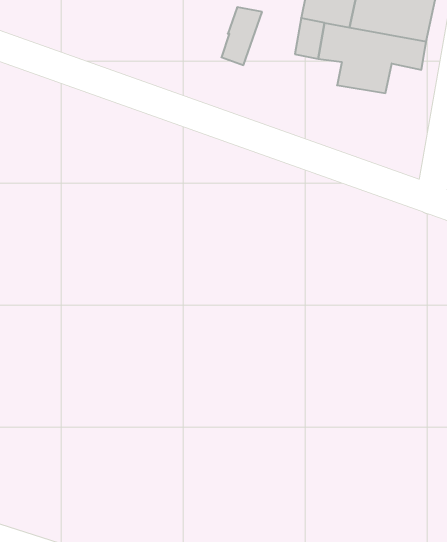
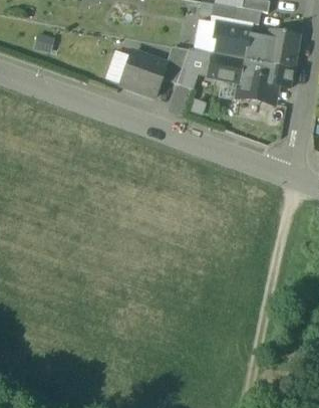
building: none -> [177,48,214,88]
building: none -> [120,50,168,95]

